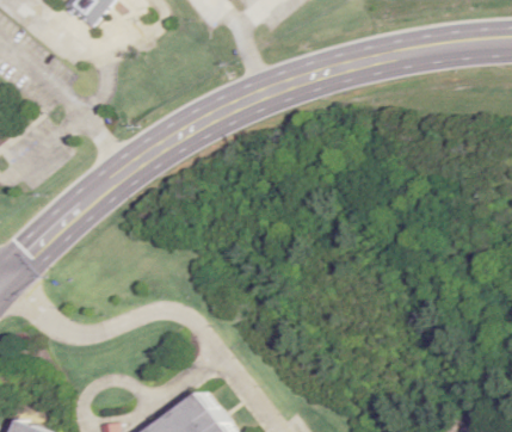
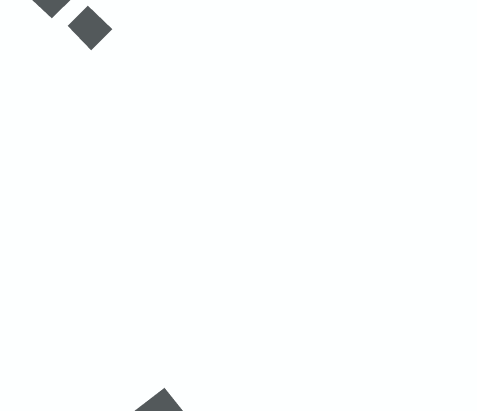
building: none -> [67,5,113,51]

